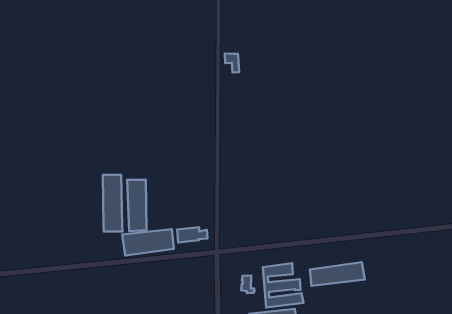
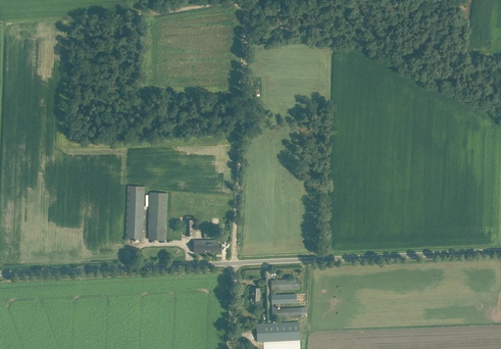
building: [122,229,174,255] -> none
building: [310,262,365,286] -> none

